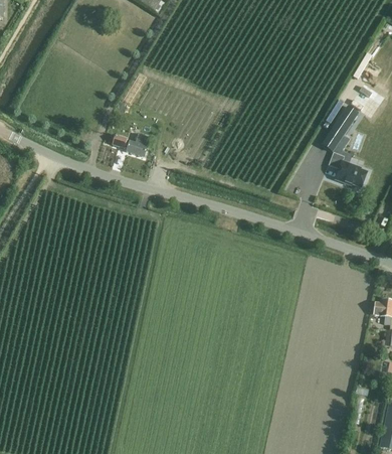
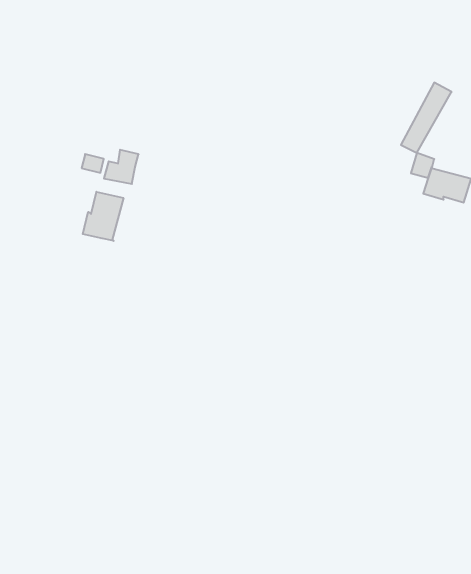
building: none -> [83,192,123,241]

